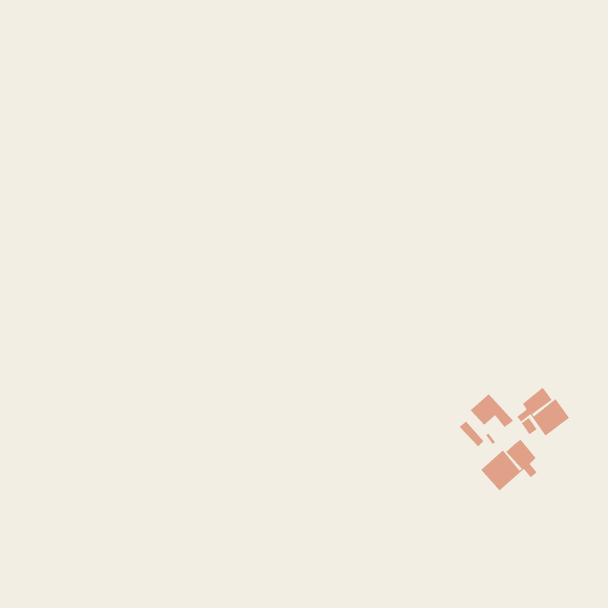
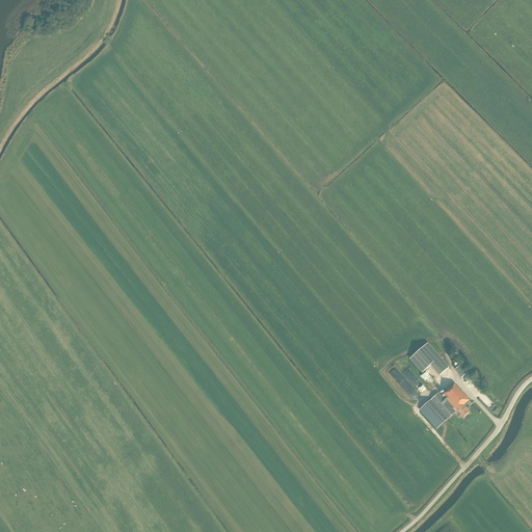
building: [517,387,570,437] -> none

